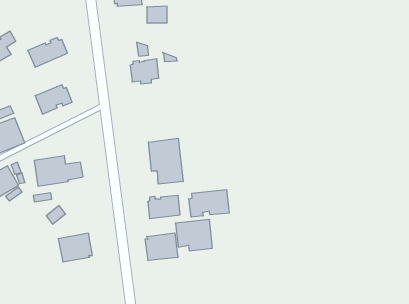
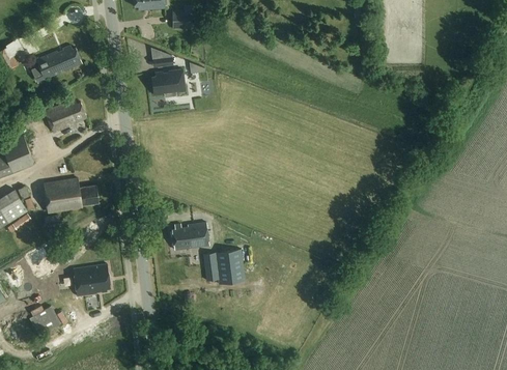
building: [149,138,183,184] -> none
building: [189,190,229,217] -> none
building: [145,233,178,261] -> none
building: none -> [33,306,60,333]

